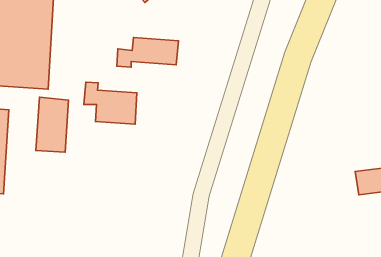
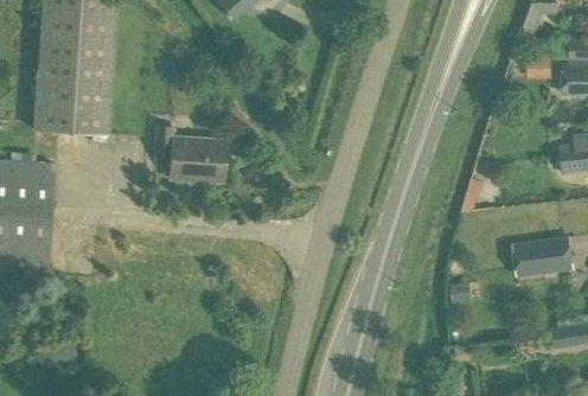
building: [117,37,178,67] -> none
building: [36,97,69,152] -> none

